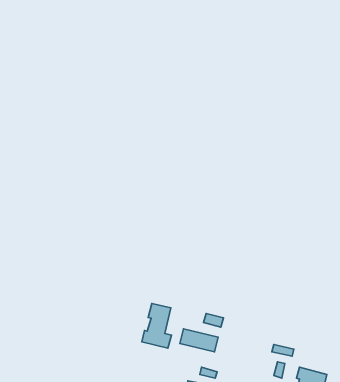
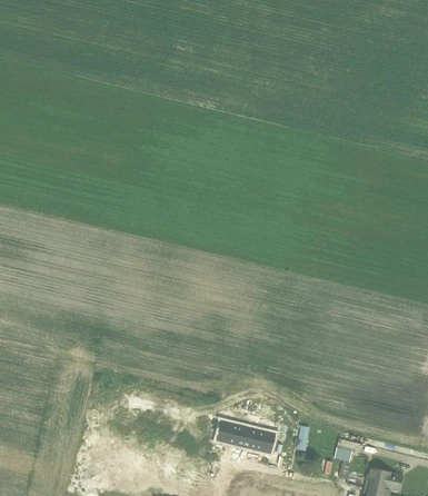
building: [142,303,172,348] -> none

